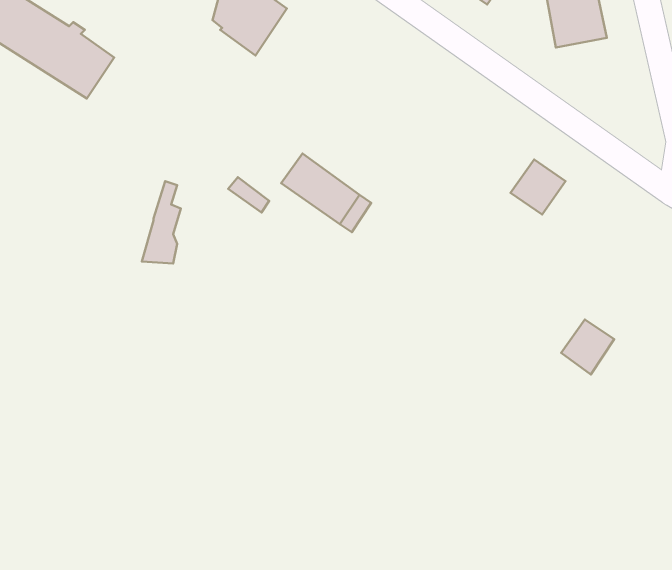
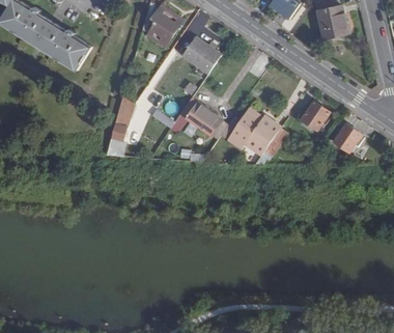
building: none -> [181,36,220,73]
building: none -> [222,104,286,162]
building: [561,319,614,374] -> [333,123,361,152]

